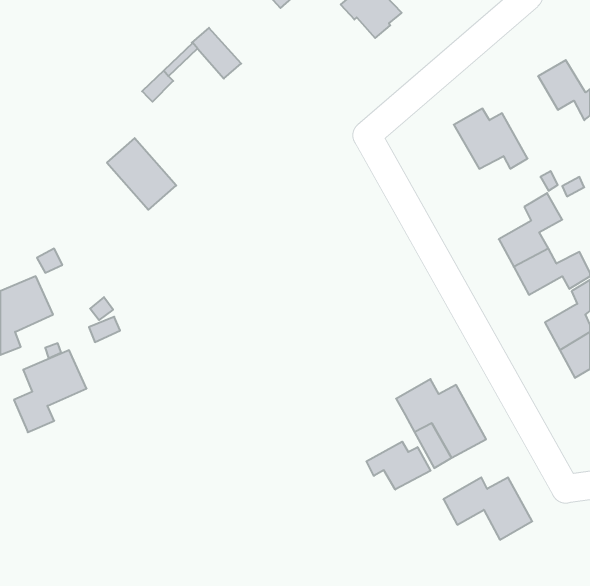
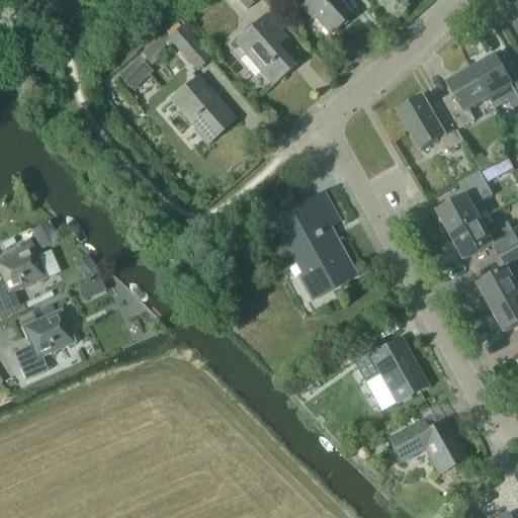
building: none -> [234,11,293,83]
building: none -> [443,67,489,126]
building: [107,138,176,210] -> [172,76,233,139]
building: none -> [247,189,349,297]
building: [366,442,431,490] -> none

